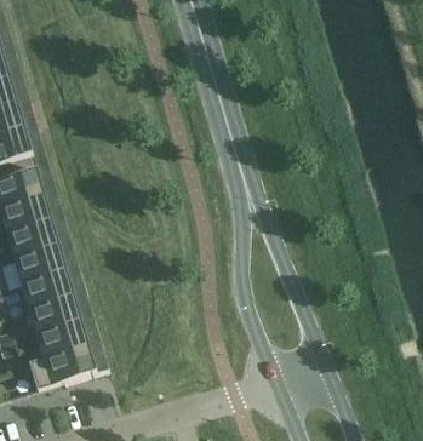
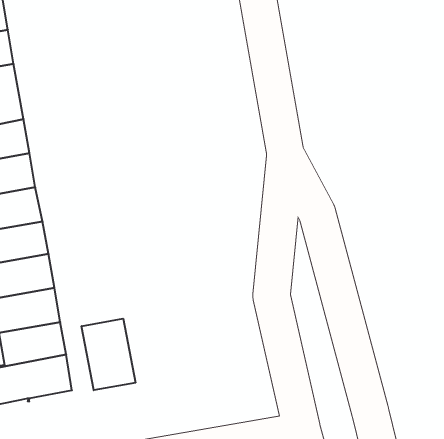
building: none -> [82,319,135,390]

